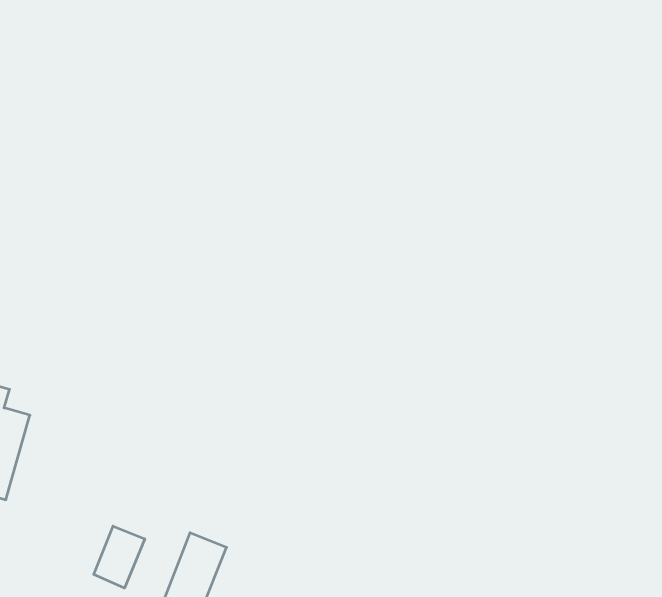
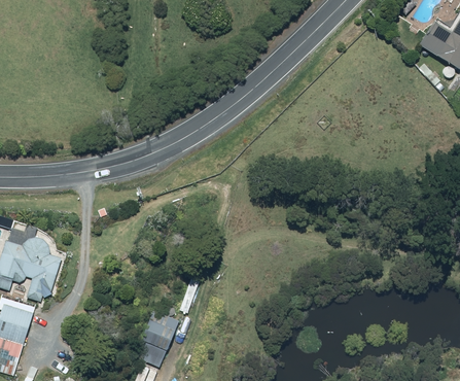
building: [94,526,145,588] -> none

